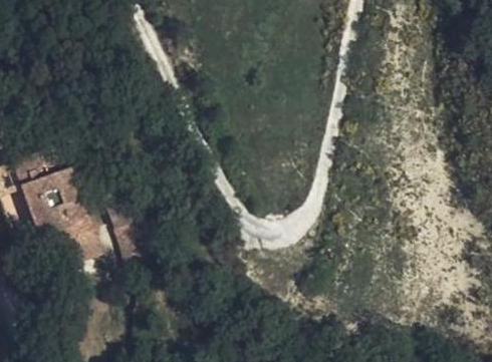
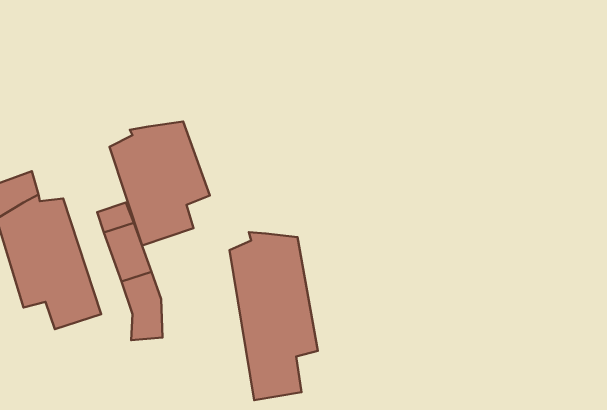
building: none -> [110,121,210,246]
building: none -> [230,232,318,400]

